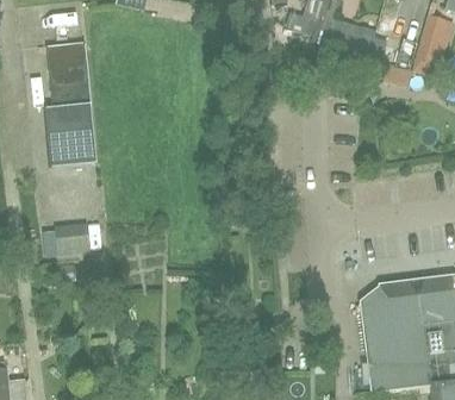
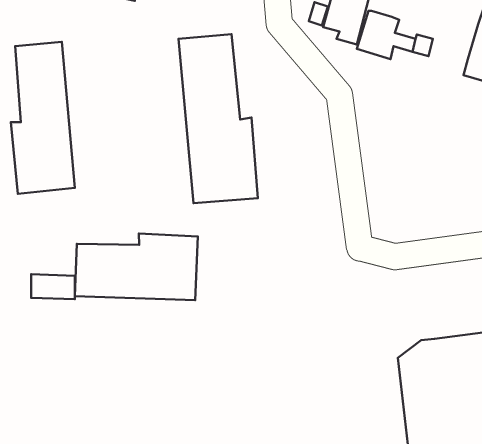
building: none -> [179,34,258,203]
building: none -> [75,234,198,300]

